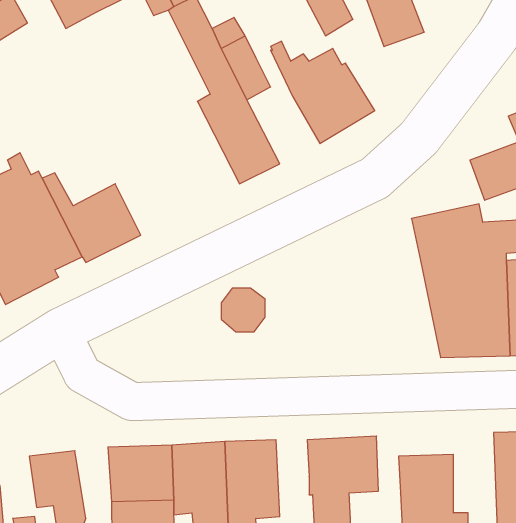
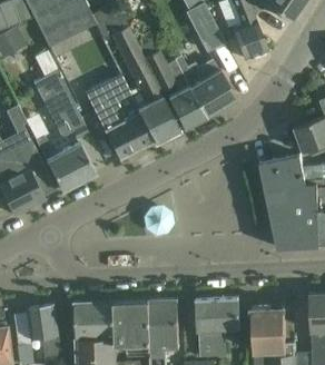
building: none -> [165,61,204,128]
building: none -> [33,69,88,139]
building: none -> [85,75,155,161]

